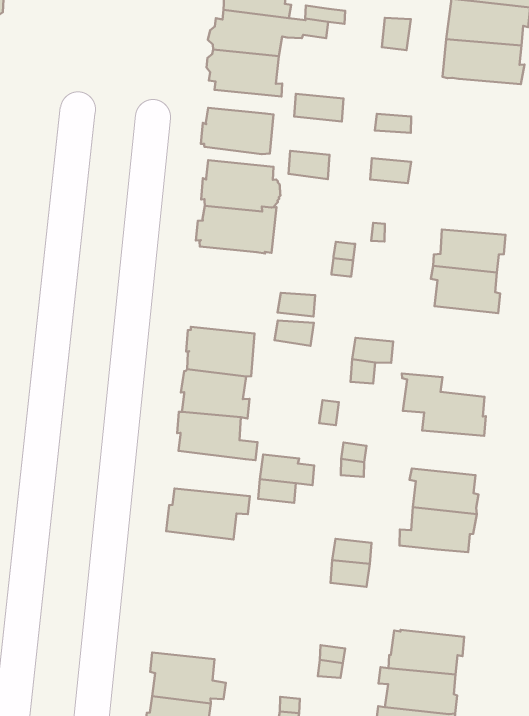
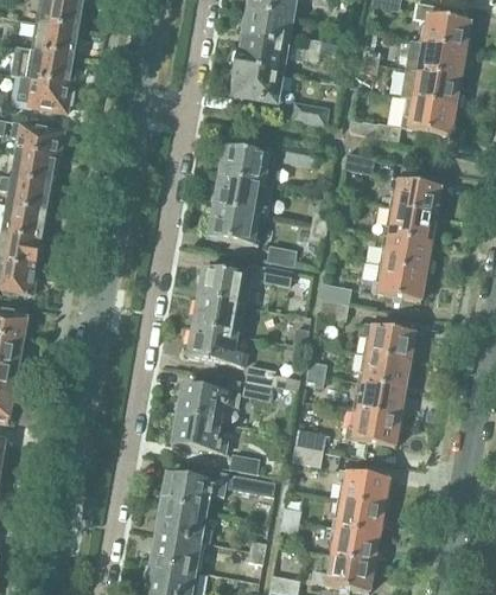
building: none -> [400,98,458,136]
building: [201,108,274,154] -> [208,209,262,245]
building: none -> [387,178,443,216]
building: none -> [371,264,430,301]
building: none -> [358,354,413,390]
building: none -> [172,415,259,473]
building: none -> [337,468,390,507]
building: none -> [159,468,275,511]

